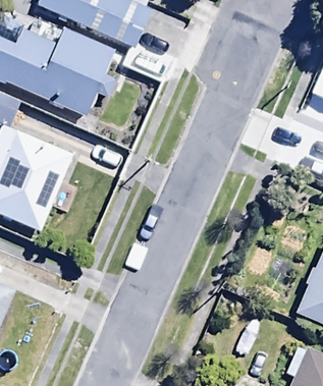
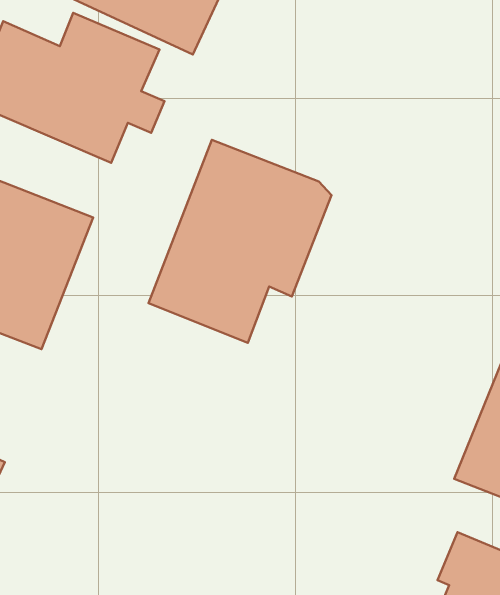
building: none -> [148,140,332,343]

